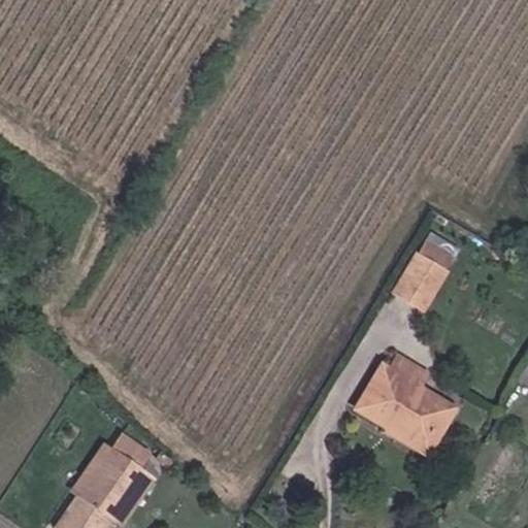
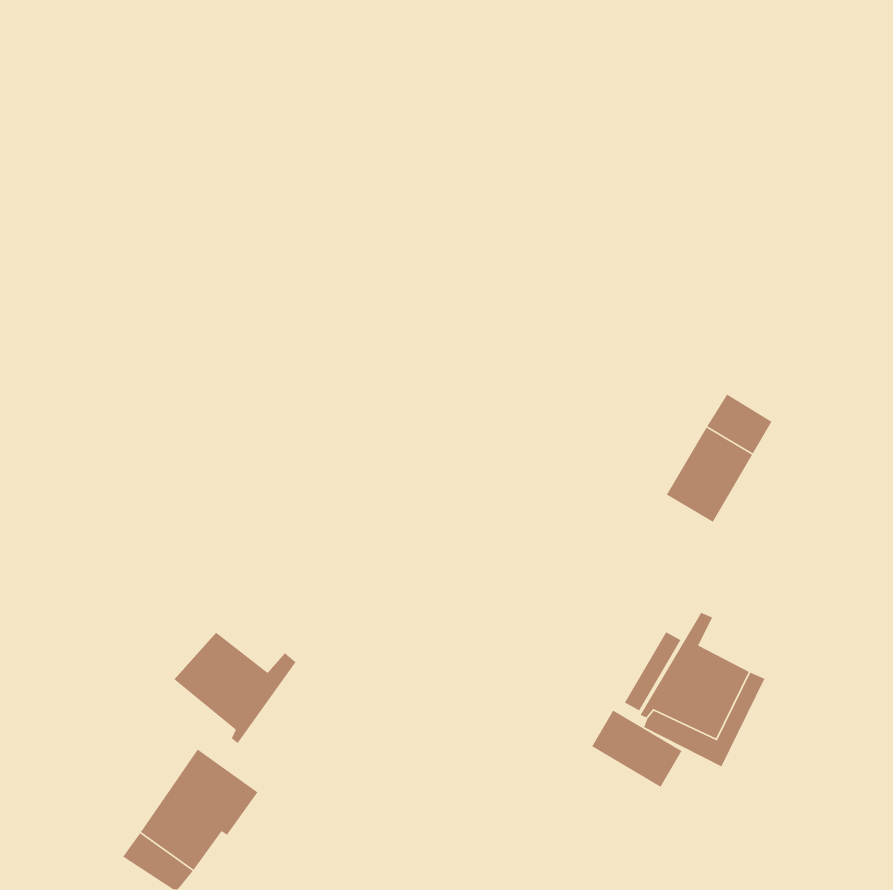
building: none -> [173,632,296,744]
building: none -> [591,709,683,788]

